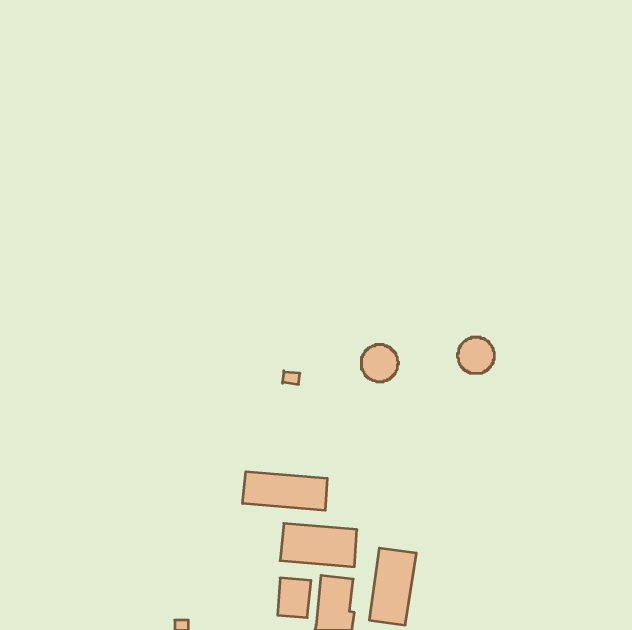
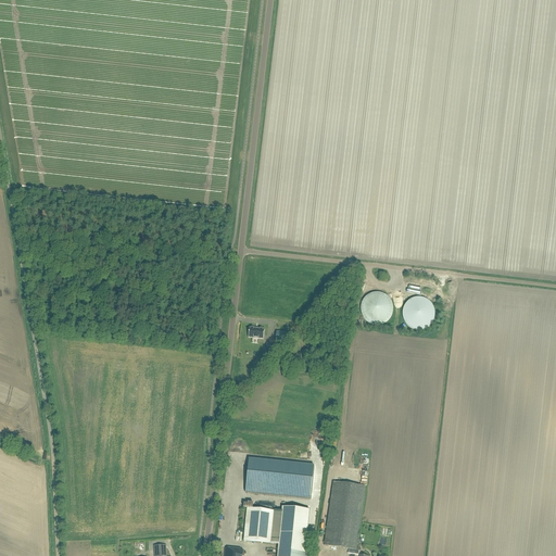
building: [361,345,399,382] -> [359,290,392,323]
building: [243,472,327,510] -> none

